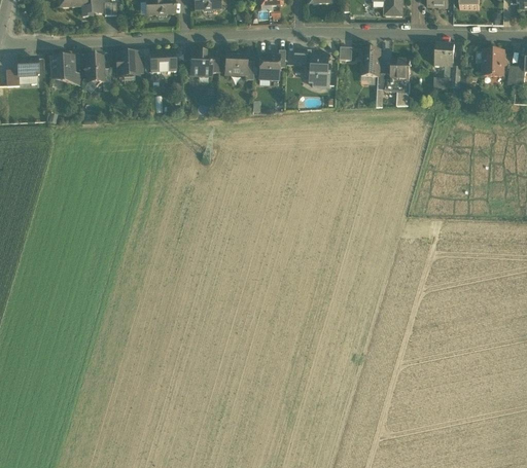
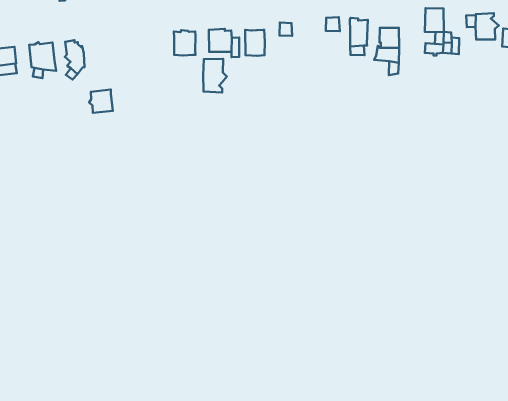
building: [149,50,176,72] -> none
building: [115,52,138,74] -> [89,90,113,113]
building: [309,52,329,87] -> none
building: none -> [203,59,227,92]

